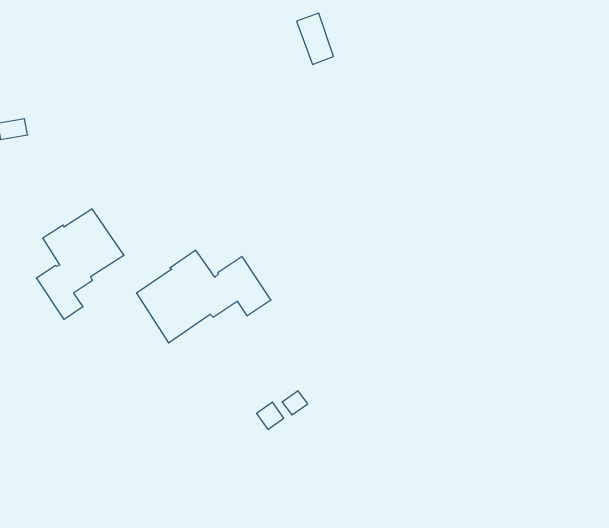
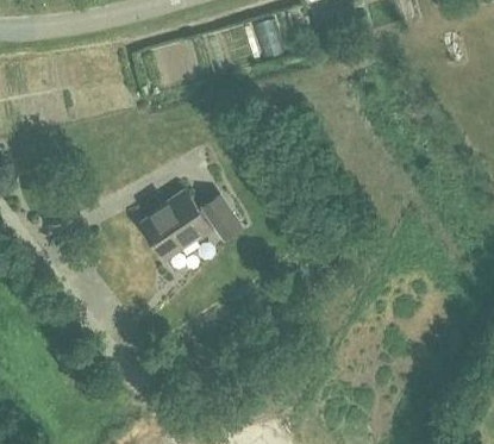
building: [36,209,124,319] -> none

